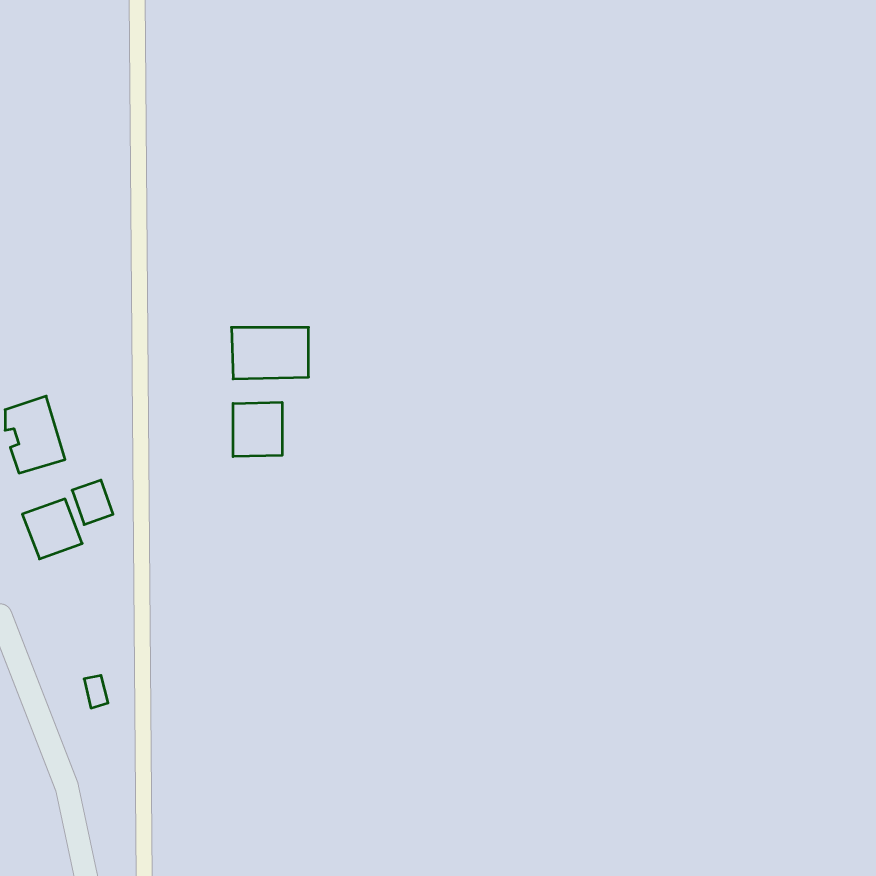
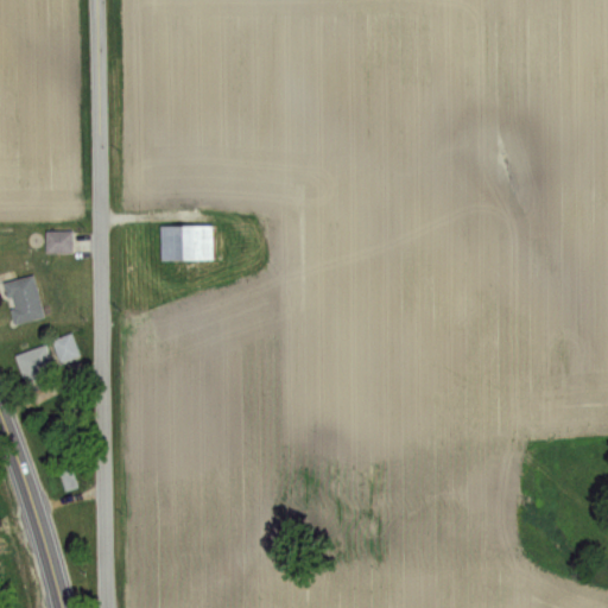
building: none -> [45,232,70,253]
building: [233,402,282,457] -> none

